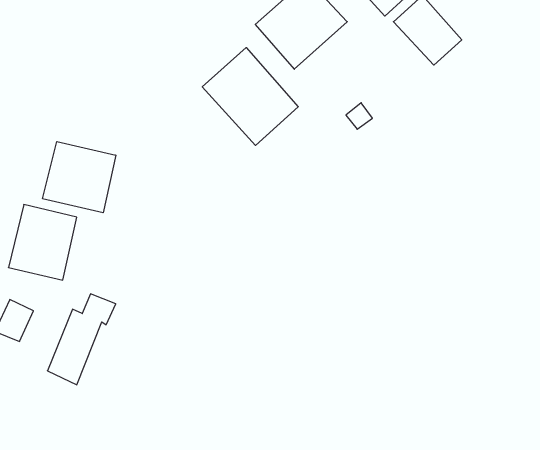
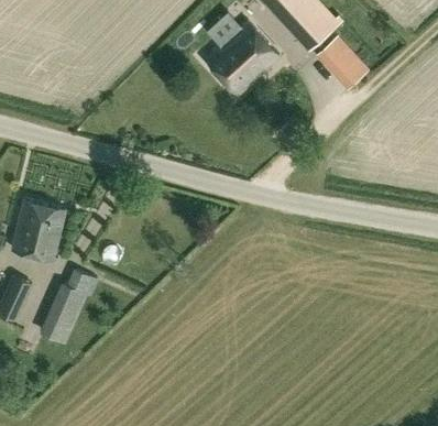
building: [202,48,298,145] -> none
building: [43,142,116,213] -> none

